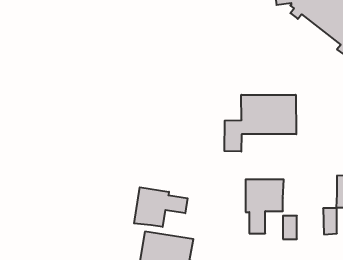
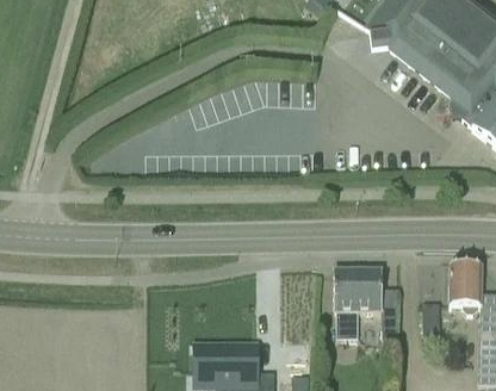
building: [224,95,296,152] -> none
building: [134,187,188,227] -> none

